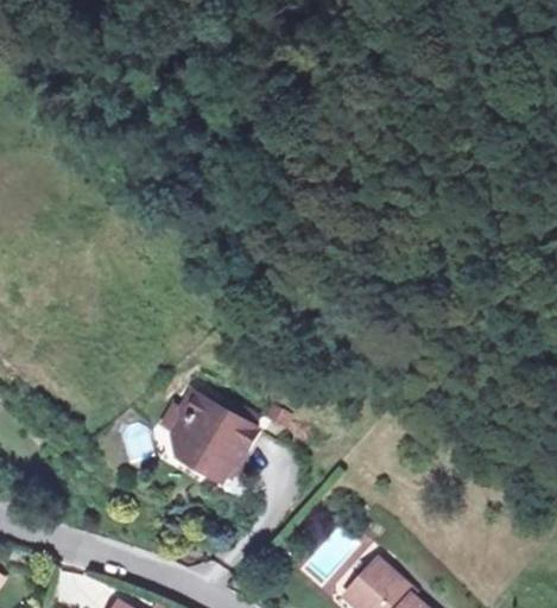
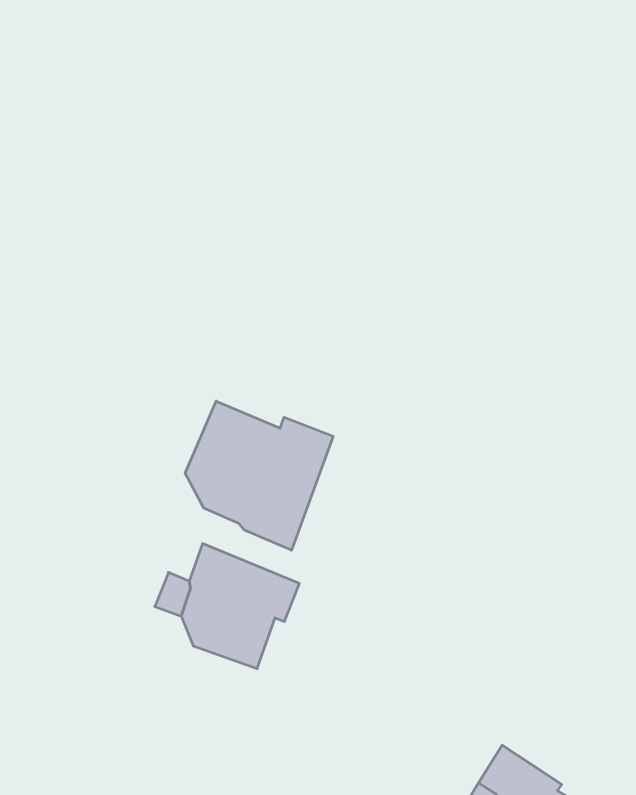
building: none -> [185,401,333,550]

